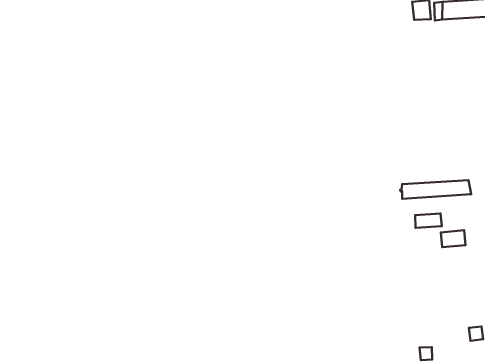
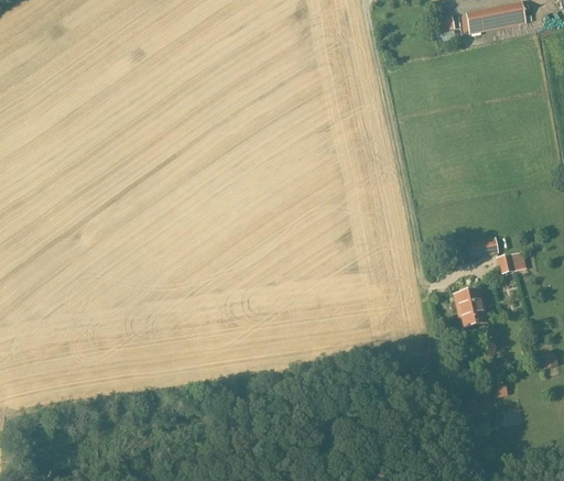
building: [400,180,471,199] -> none
building: none -> [455,287,487,327]

